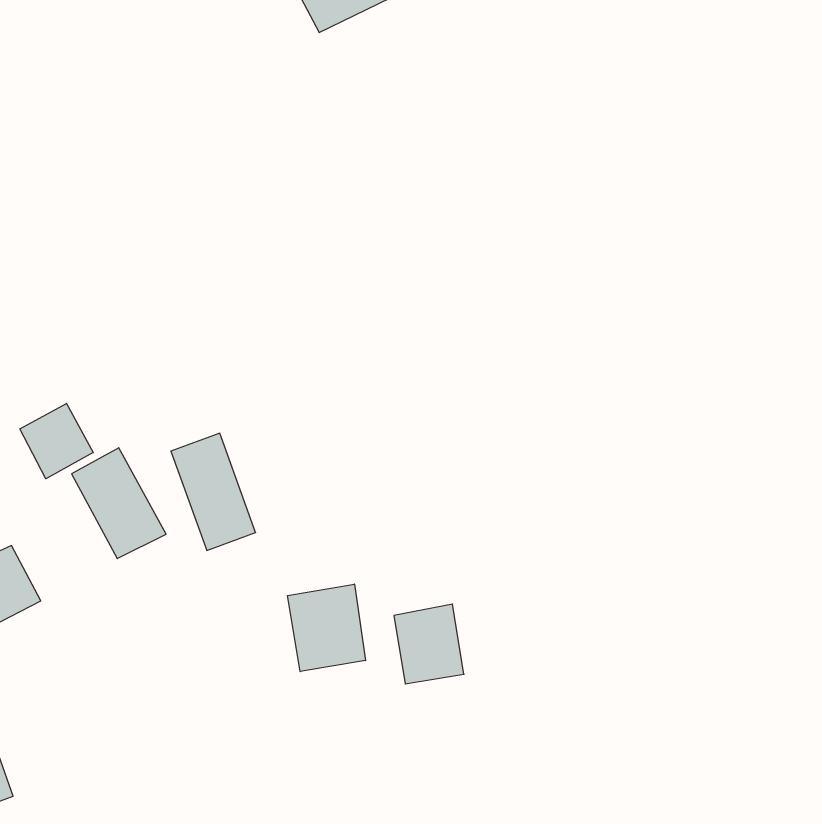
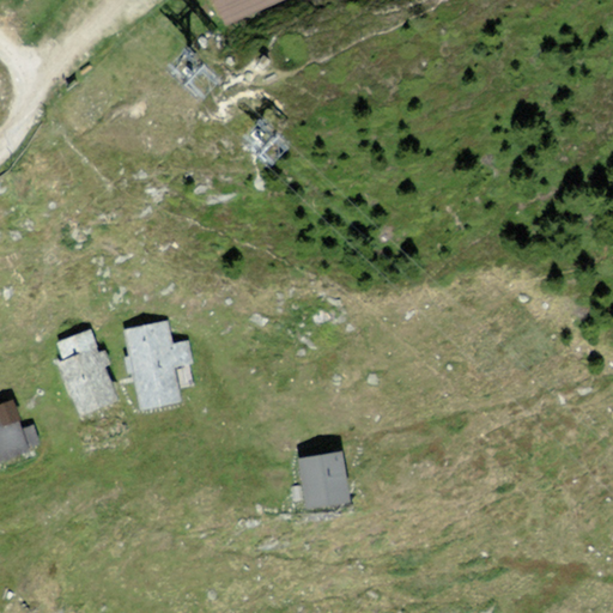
building: [20,403,93,479] -> none
building: [288,584,366,672] -> none

